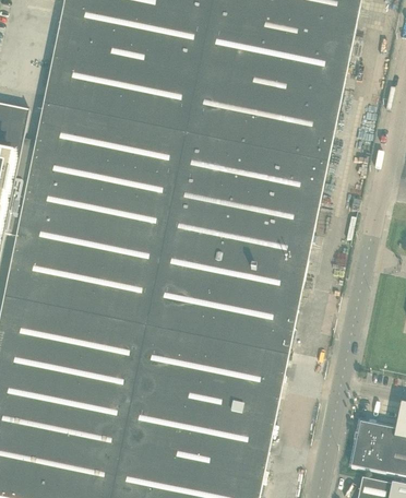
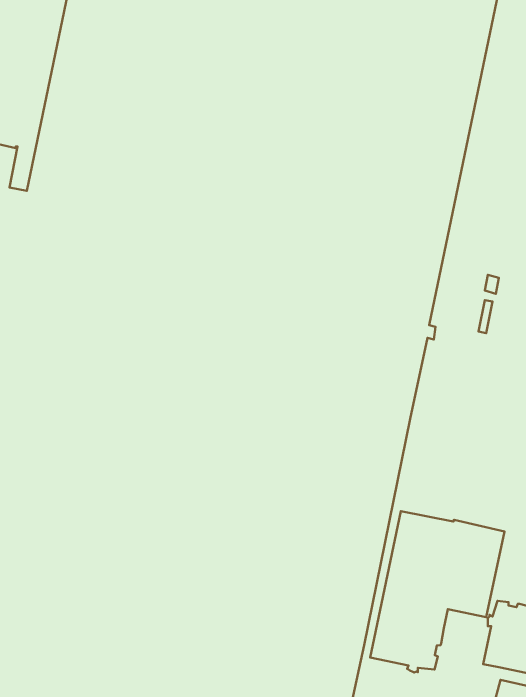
building: none -> [370,511,504,672]

